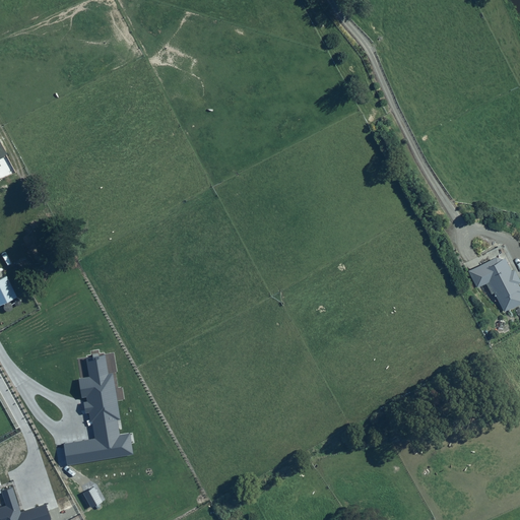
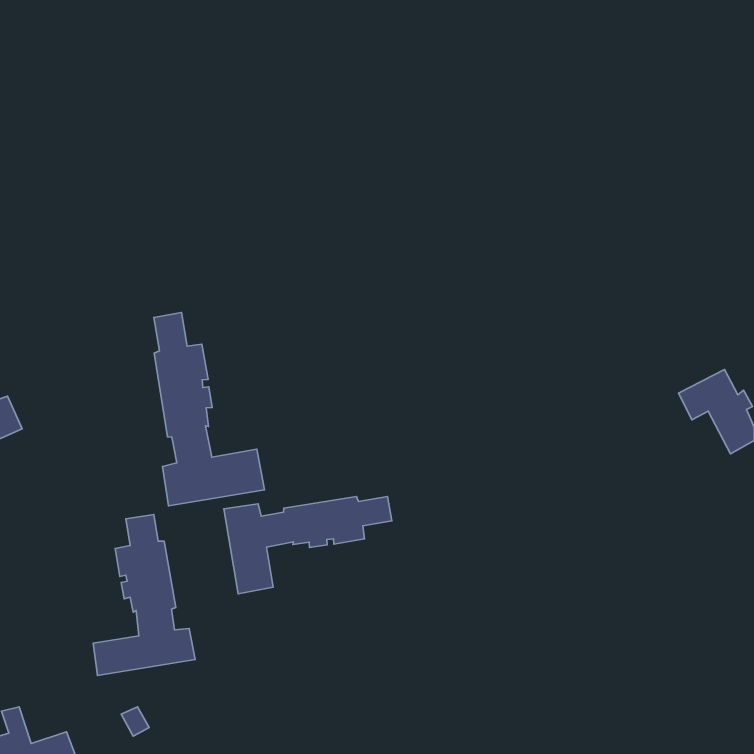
building: none -> [154,313,265,506]
building: none -> [224,497,392,594]

